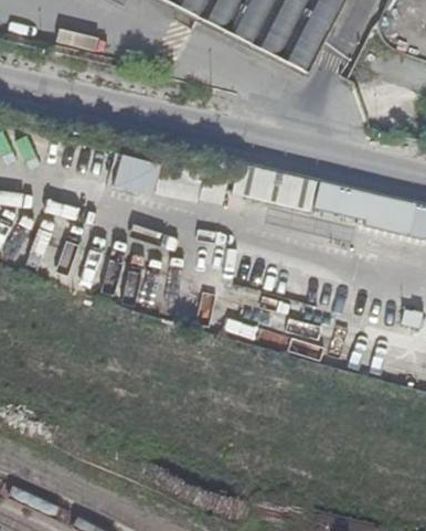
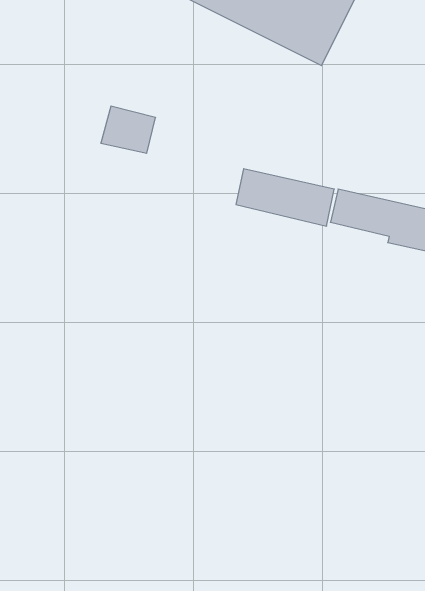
building: [116,152,163,193] -> [101,106,156,153]

